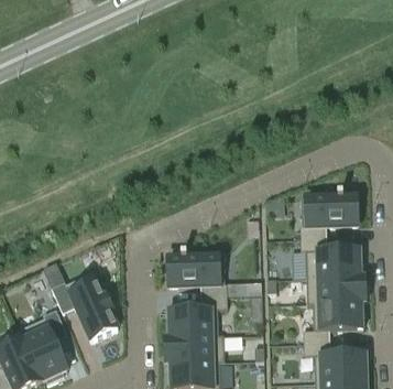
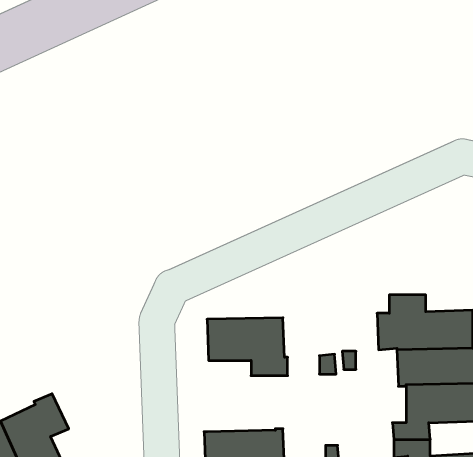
building: [299,192,357,237] -> none
building: [52,271,118,339] -> none
building: [167,295,228,336] -> none

